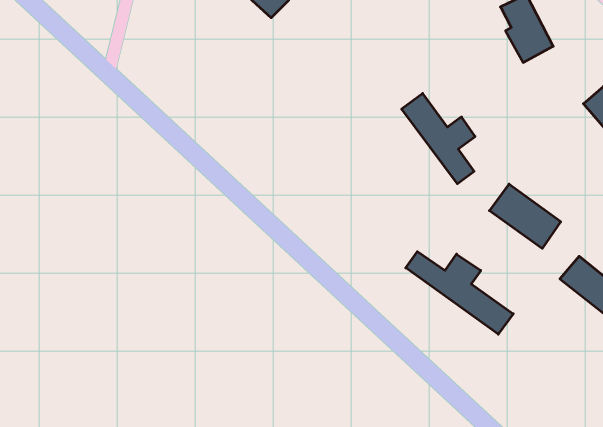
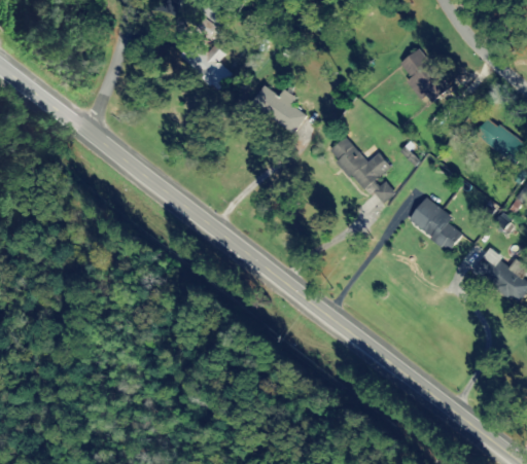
building: none -> [250,83,305,130]
building: [406,252,513,334] -> none

